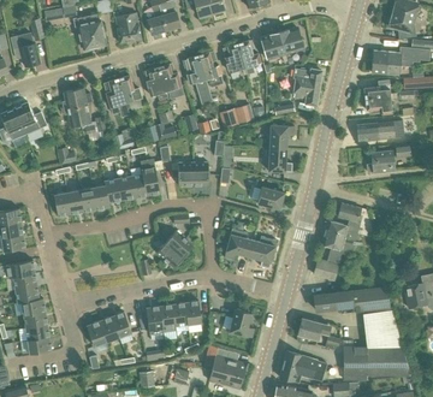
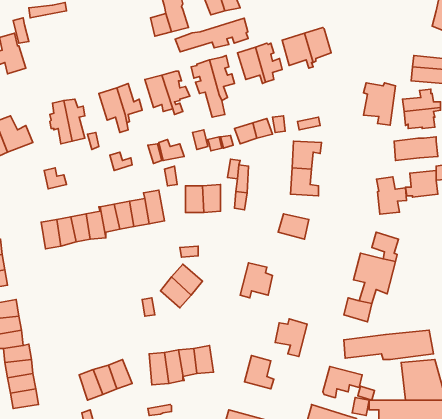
building: [73,12,106,51] -> none
building: [115,12,142,42] -> none
building: none -> [175,18,248,52]
building: [293,69,321,105] -> [363,83,396,125]
building: none -> [376,177,407,214]
building: [249,236,277,268] -> [275,319,307,356]

